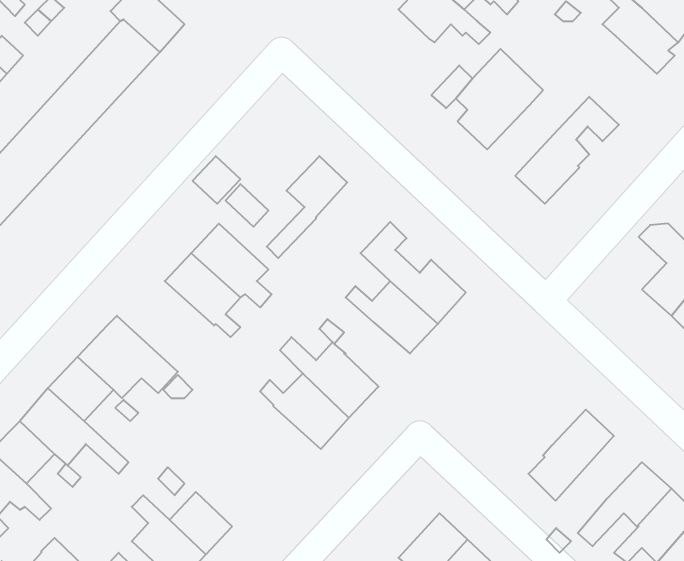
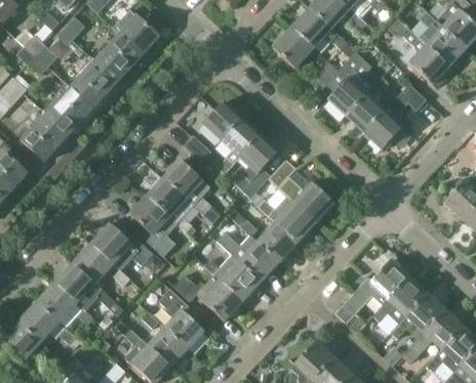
building: none -> [274,27,314,67]
building: none -> [403,29,452,85]
building: none -> [347,75,391,130]
building: none -> [204,101,242,139]
building: none -> [235,134,278,198]
building: none -> [129,196,176,256]
building: none -> [257,221,299,261]
building: none -> [334,258,408,322]
building: none -> [173,273,243,321]
building: none -> [158,289,204,348]
building: none -> [390,292,443,338]

